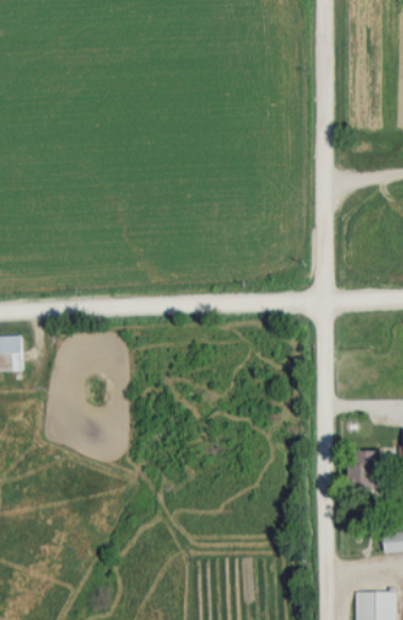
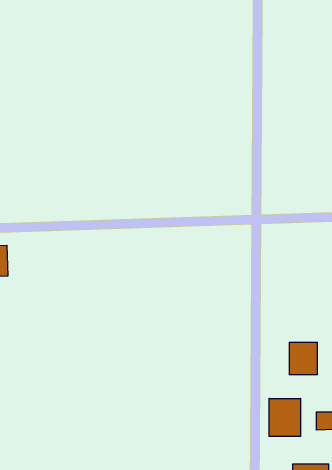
building: none -> [269,398,301,436]

